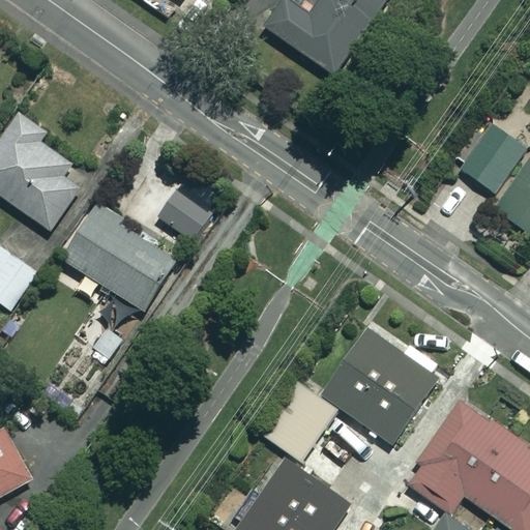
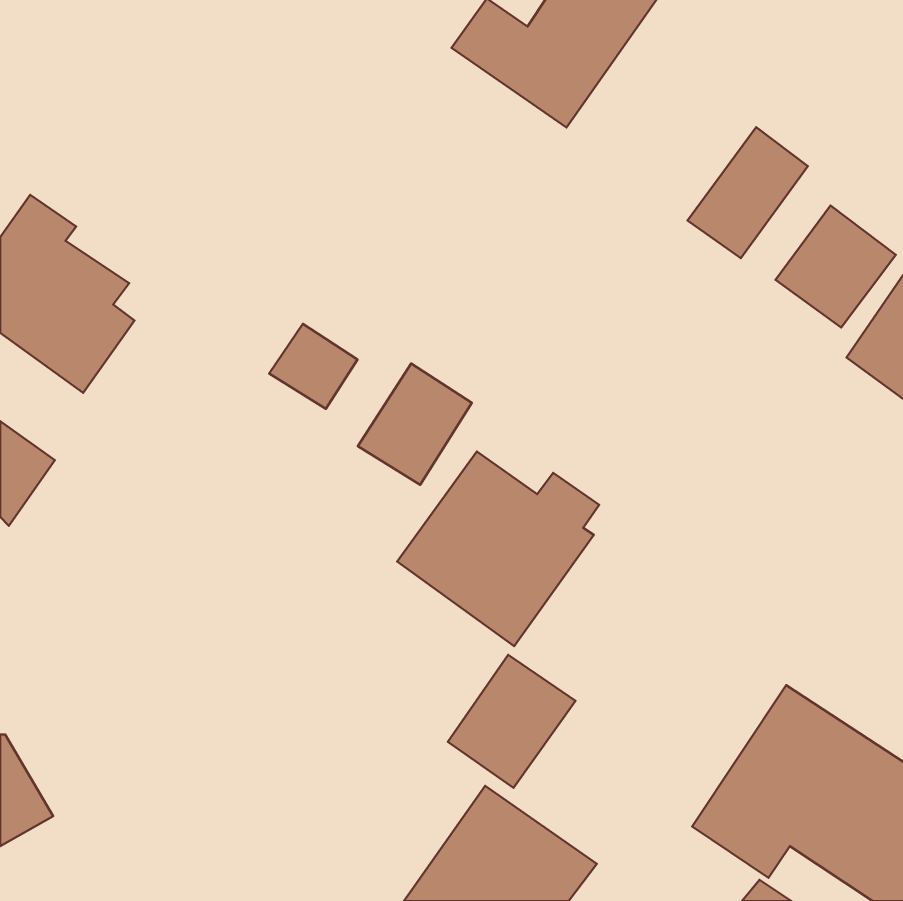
building: none -> [687,127,808,258]
building: [62,202,174,311] -> none
building: none -> [358,363,472,485]
building: [321,329,439,443] -> [397,452,599,646]

